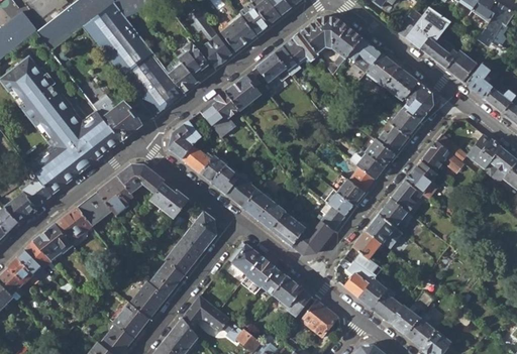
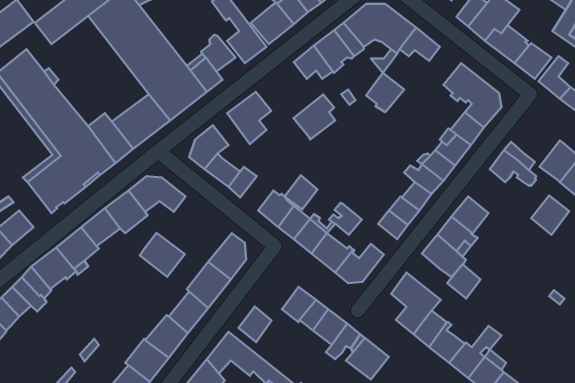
building: [367,53,399,87] -> [366,73,404,112]
building: [224,72,260,110] -> [294,94,335,139]
building: [405,161,437,195] -> [531,196,569,235]
building: [211,163,239,193] -> [284,175,318,210]
building: [21,176,50,207] -> none
building: [150,181,189,218] -> [140,233,185,277]
building: [316,203,344,230] -> [329,203,362,235]
building: [352,229,381,258] -> [447,264,480,299]
building: [232,245,261,275] -> [238,306,272,342]

